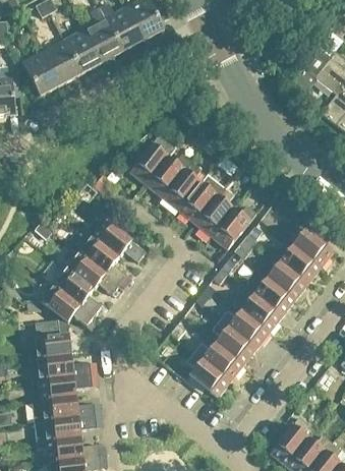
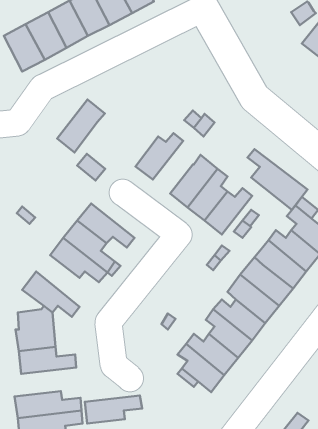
building: [130,135,175,185] -> [57,100,105,152]
building: [163,161,202,211] -> none
building: none -> [247,149,308,210]
building: [53,269,102,317] -> none
building: [39,374,93,401] -> [85,395,142,424]

